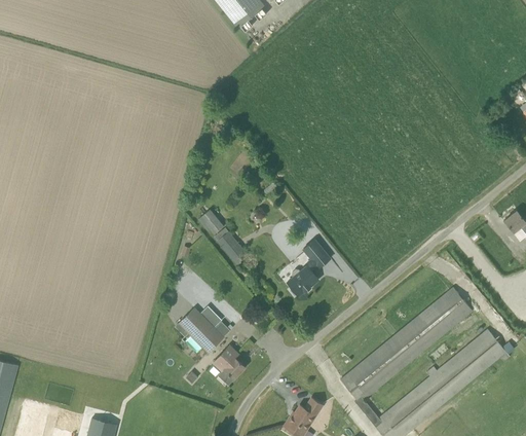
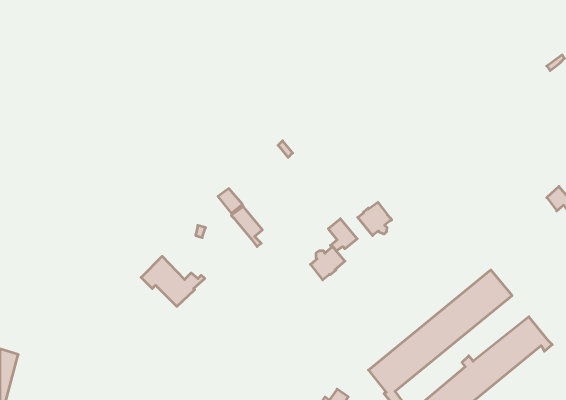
building: none -> [358,202,392,236]
building: [175,306,233,353] -> [141,256,205,306]
building: [213,346,245,385] -> none

